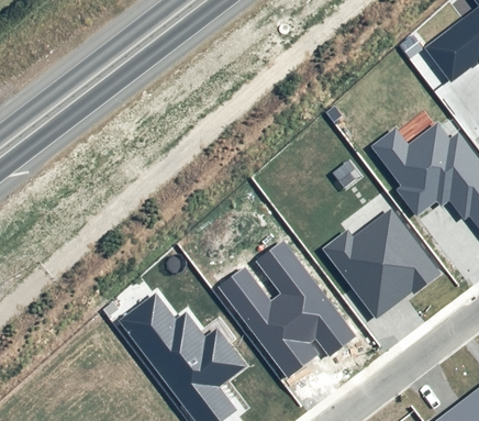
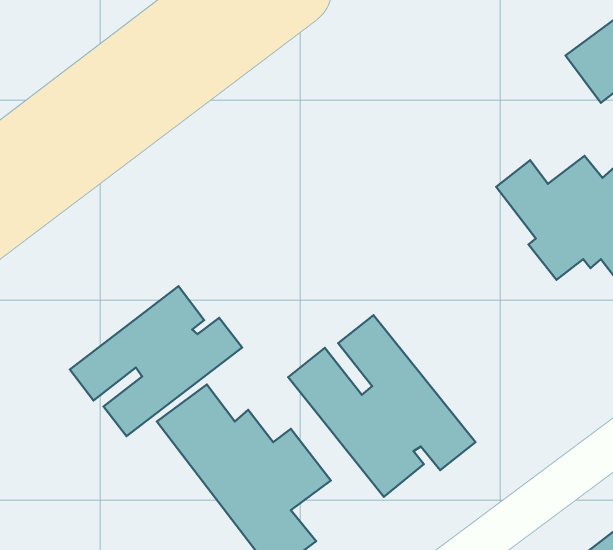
building: [322,208,442,318] -> none
building: none -> [70,286,242,436]

